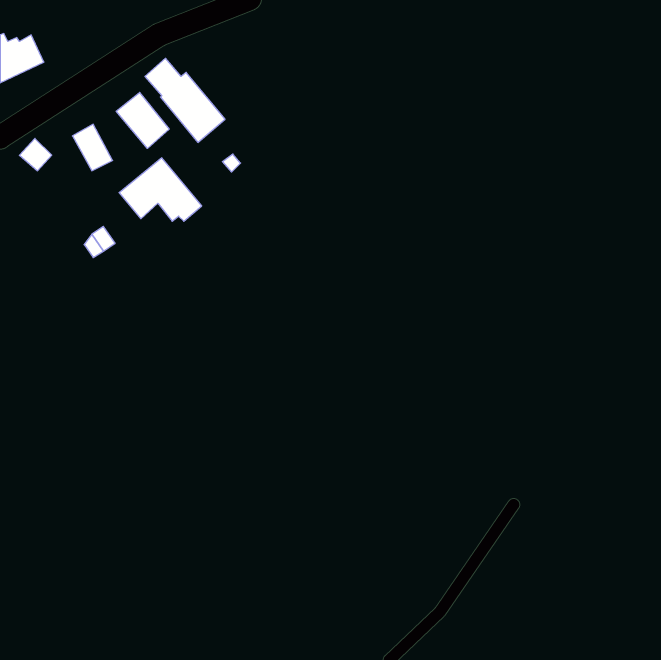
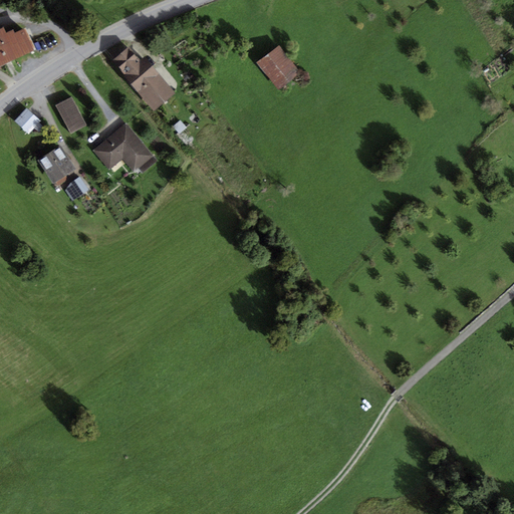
building: none -> [257,44,300,89]
building: [116,92,169,148] -> none
building: none -> [38,145,76,185]

